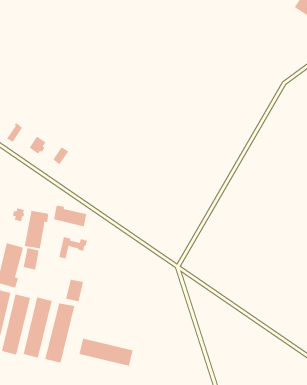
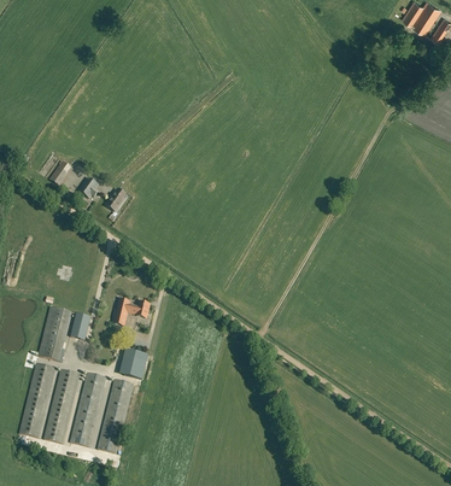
building: [54,205,87,227] -> none
building: [24,210,49,249] -> none
building: [79,338,133,367] -> none

